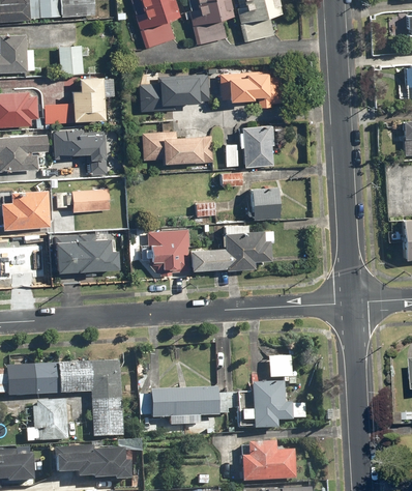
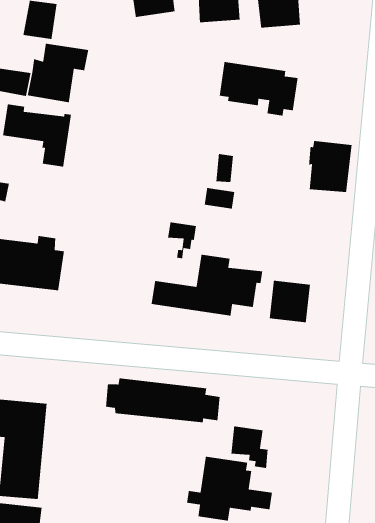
building: [140,76,210,112] -> none
building: [238,126,272,167] -> [308,140,352,193]
building: [141,127,212,165] -> none
building: [248,187,279,220] -> [269,280,311,323]
building: [70,190,108,211] -> none
building: [144,229,189,269] -> none
building: [139,388,230,420] -> [105,377,221,423]

